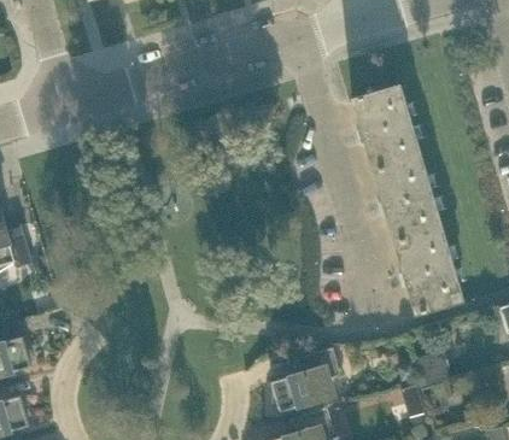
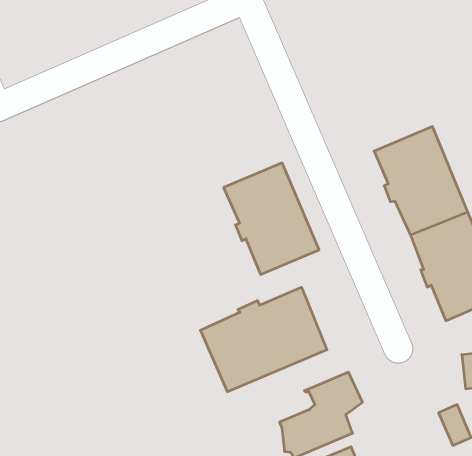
building: [351,83,422,171] -> [224,163,319,274]
building: none -> [200,287,327,392]

